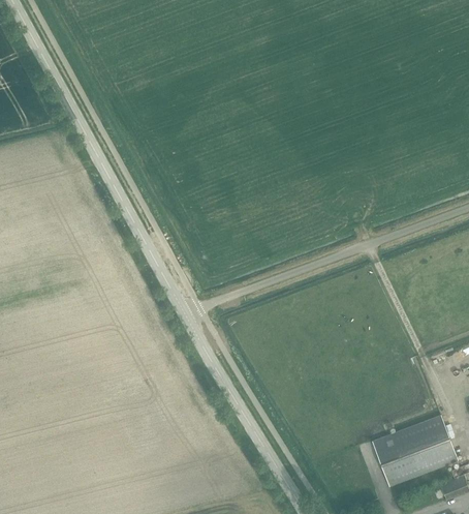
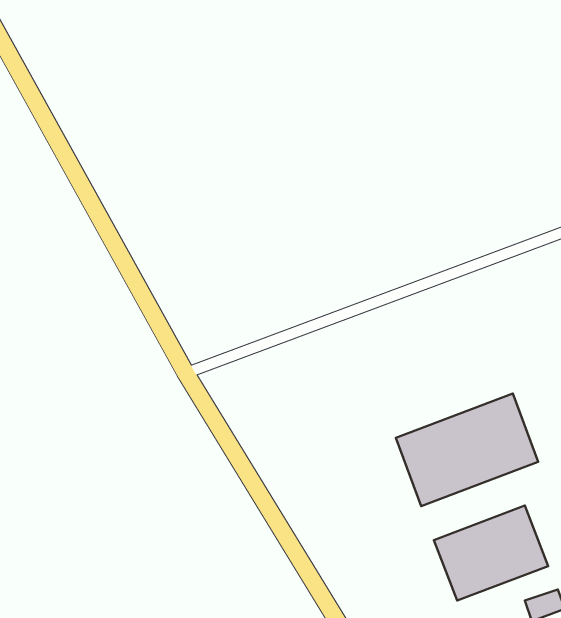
building: none -> [396,394,538,506]

